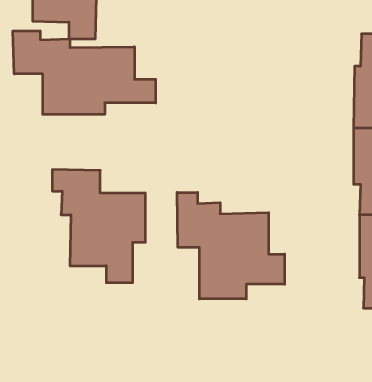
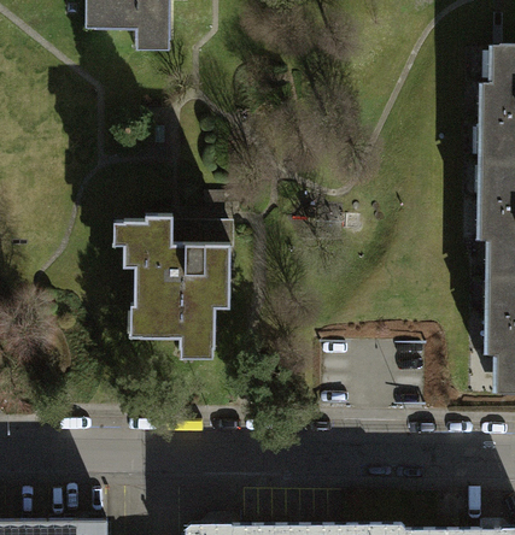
building: [13,31,156,114] -> none
building: [177,192,285,299] -> none

